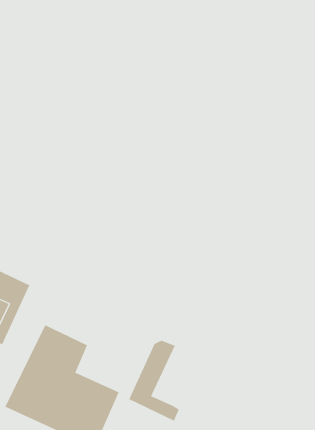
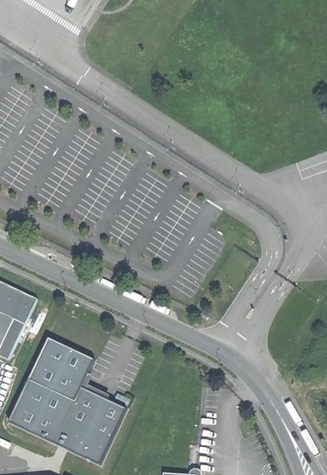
building: [128,340,179,422] -> none

